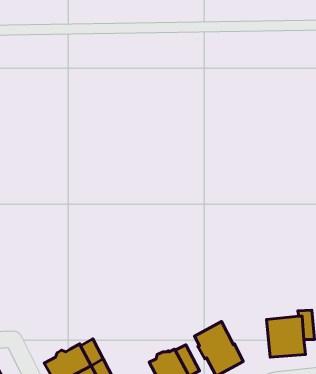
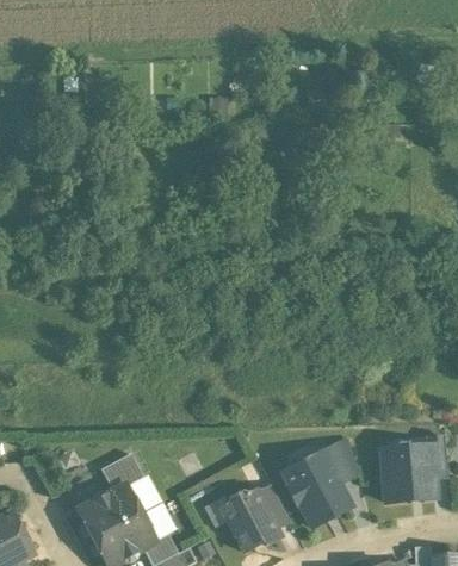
building: none -> [318,439,357,485]
building: none -> [99,454,142,491]

